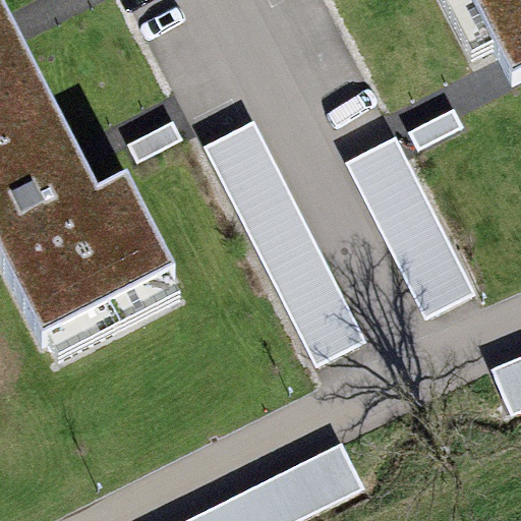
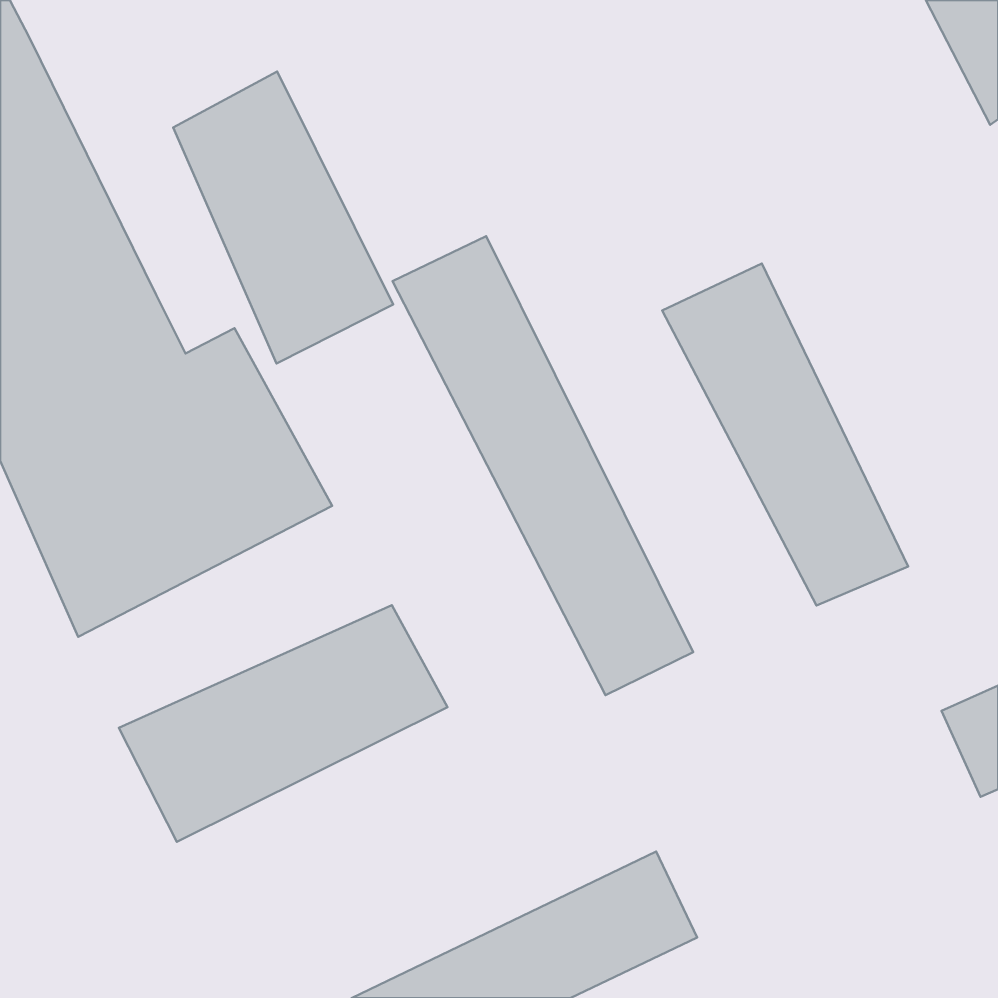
building: none -> [173,72,393,363]
building: none -> [119,605,447,842]

